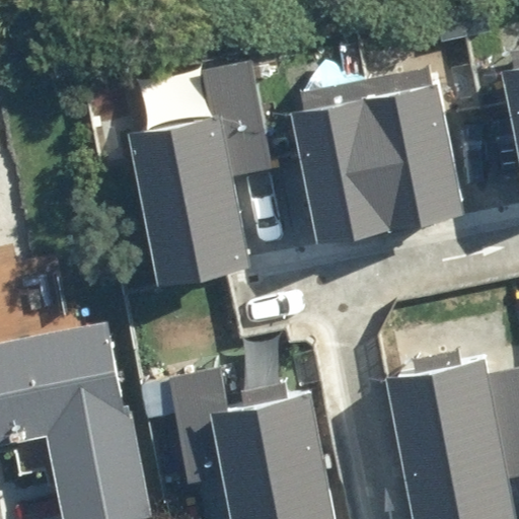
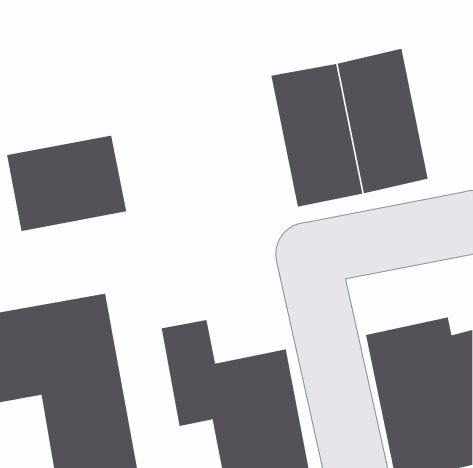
building: [133,64,270,285] -> none
building: none -> [6,135,127,232]

